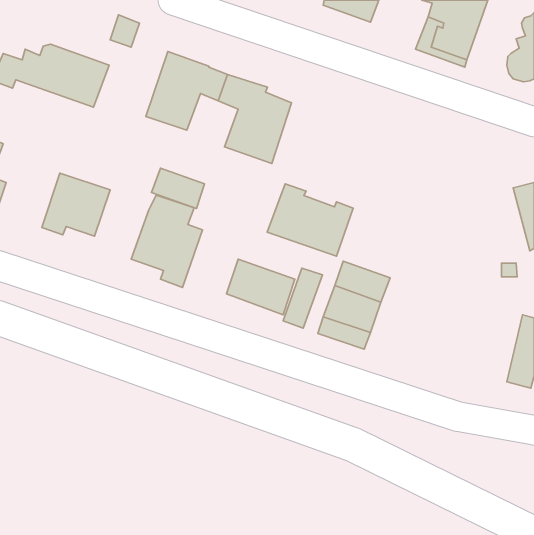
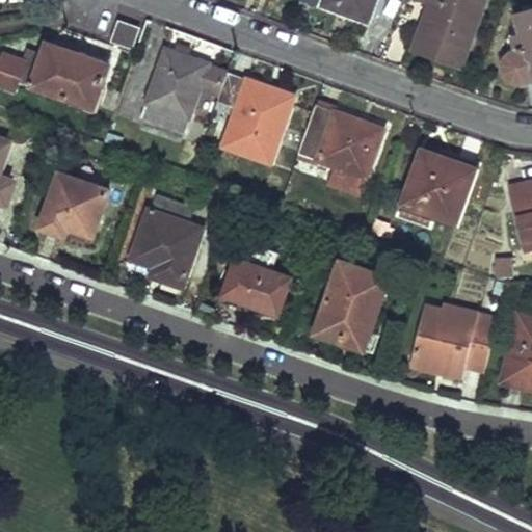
building: none -> [401,149,474,222]
building: [152,168,204,209] -> none
building: [267,184,353,256] -> [297,105,382,177]
building: [283,268,323,328] -> none
building: none -> [410,304,497,372]

